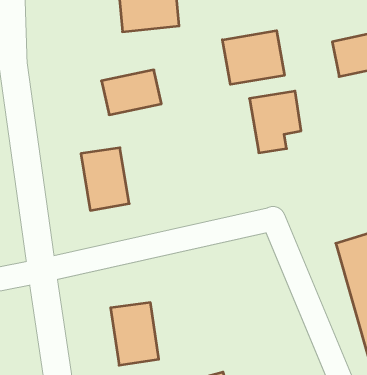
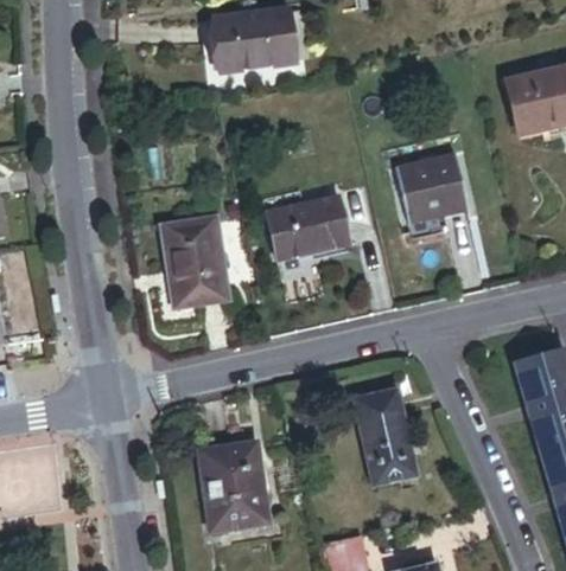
building: [222,31,284,84] -> none
building: [101,70,161,115] -> [265,195,349,258]
building: none -> [354,389,419,487]

